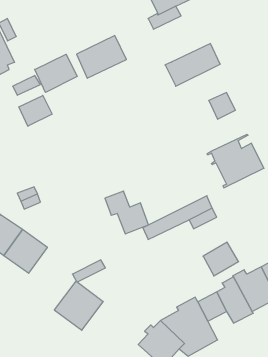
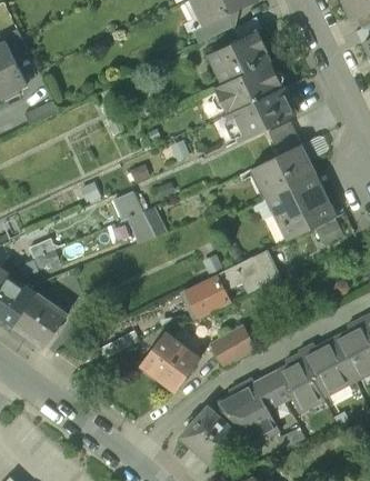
building: [77,36,126,78] -> [209,31,271,84]
building: [35,54,77,92] -> none
building: none -> [228,87,297,142]
building: [19,95,52,126] -> none
building: none -> [258,144,317,196]
building: [105,191,148,234] -> [112,188,167,241]
building: [203,242,239,276] -> [211,325,256,368]
building: [54,281,103,330] -> [140,331,201,392]

